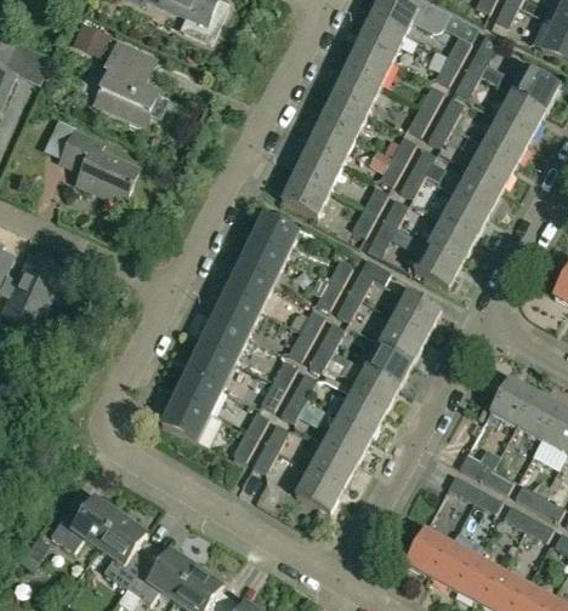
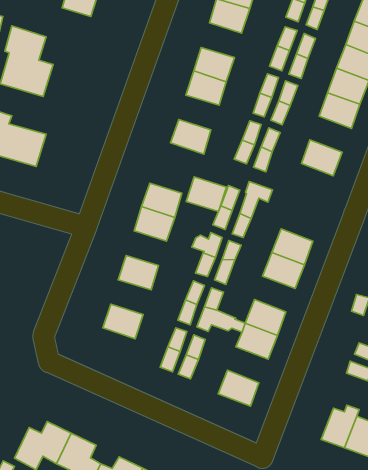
building: [331,68,380,112] -> none
building: [294,147,342,190] -> none
building: [441,193,490,238] -> none
building: [250,215,299,258] -> [186,177,226,212]
building: [413,244,461,289] -> none
building: [393,291,442,335] -> none
building: [211,293,260,337] -> none
building: [186,347,234,390] -> none
building: [351,366,399,411] -> none
building: [159,399,208,441] -> none
building: [308,442,357,487] -> none

